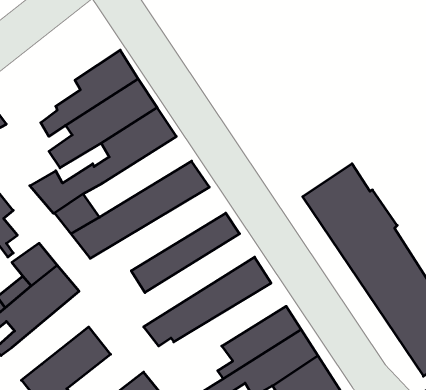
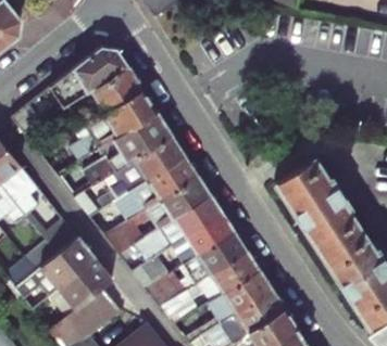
building: none -> [51,48,128,103]
building: none -> [114,134,185,190]
building: none -> [104,175,212,251]
building: none -> [133,212,235,285]
building: none -> [159,251,260,321]
building: none -> [42,257,112,315]

